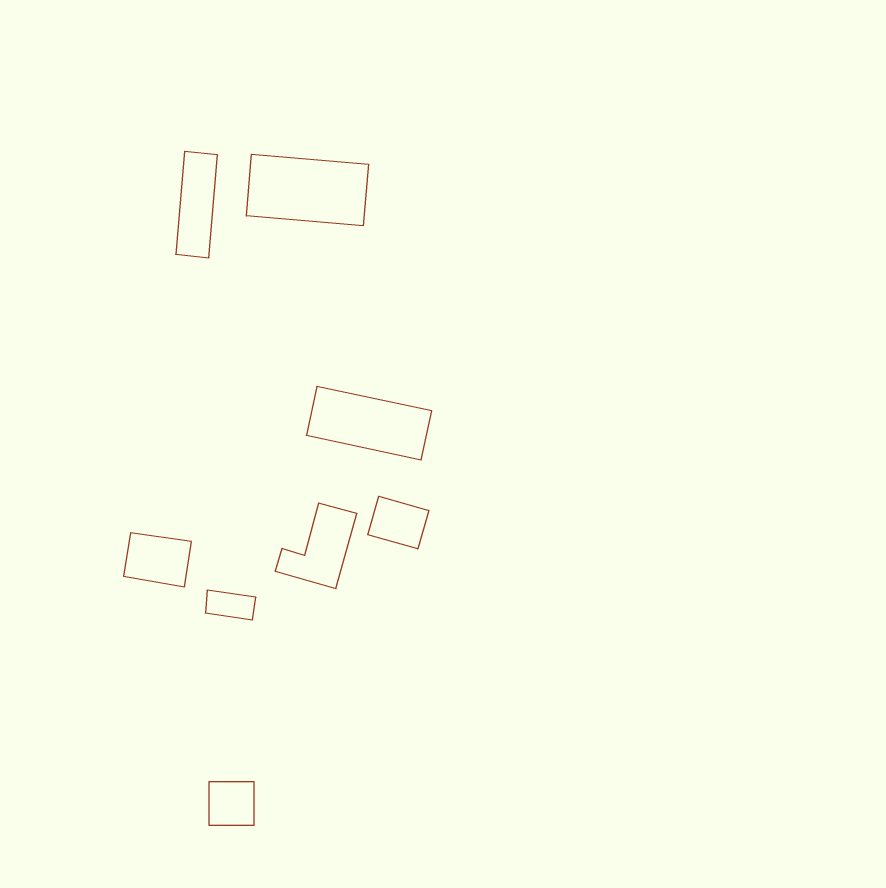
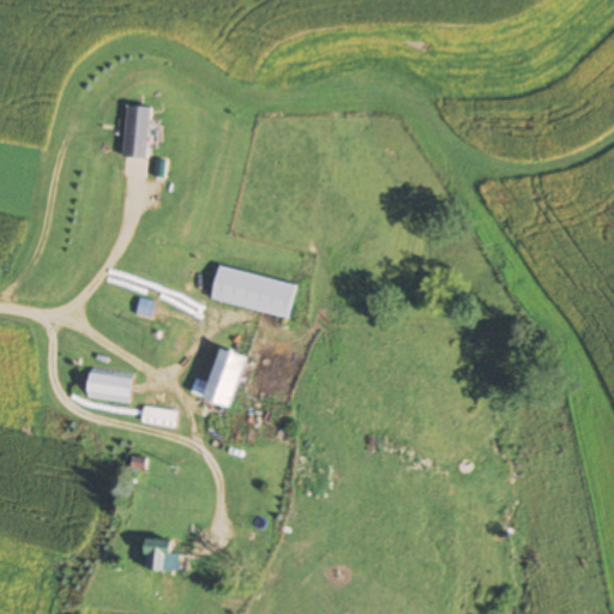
building: [246,154,368,226] -> none
building: [368,496,429,549] -> none

